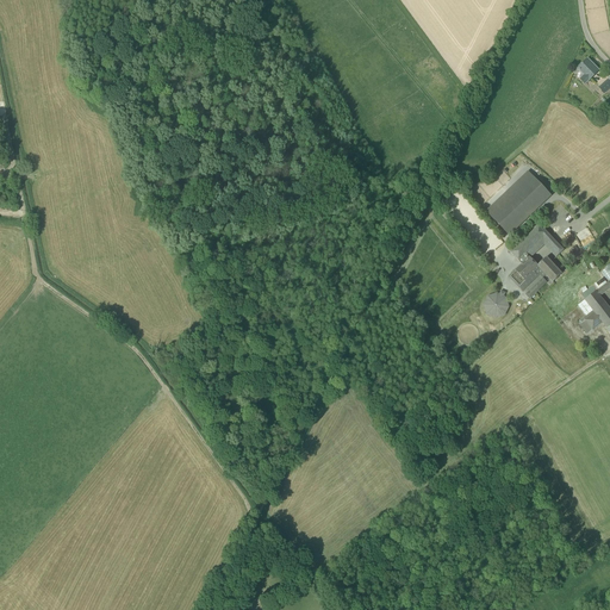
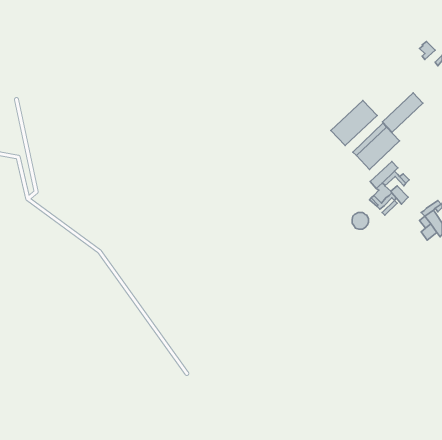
building: none -> [382,93,423,132]
building: none -> [331,100,377,146]

